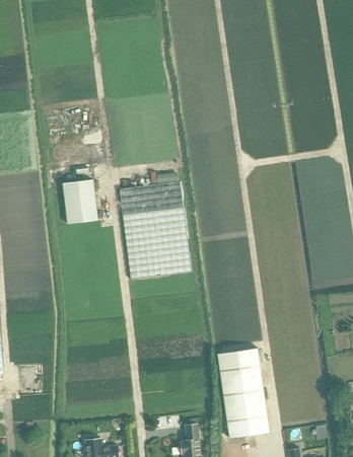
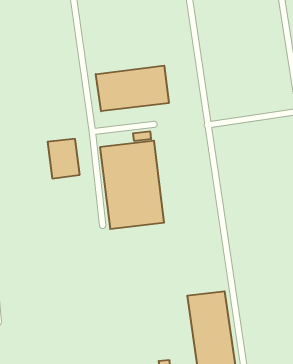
building: none -> [96,66,169,111]

